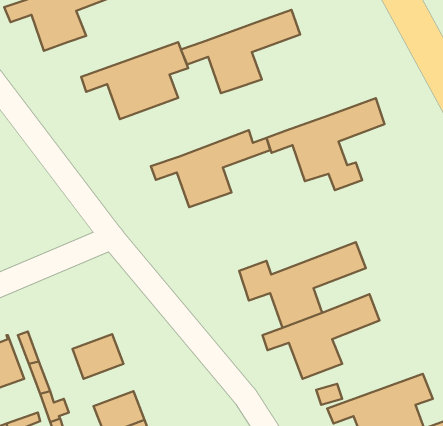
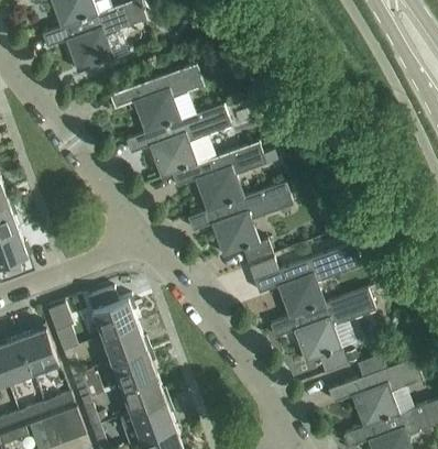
building: [181,10,300,93] -> [125,105,231,178]
building: [266,98,384,190] -> [188,183,293,264]
building: none -> [88,288,138,337]
building: none -> [112,350,156,387]

